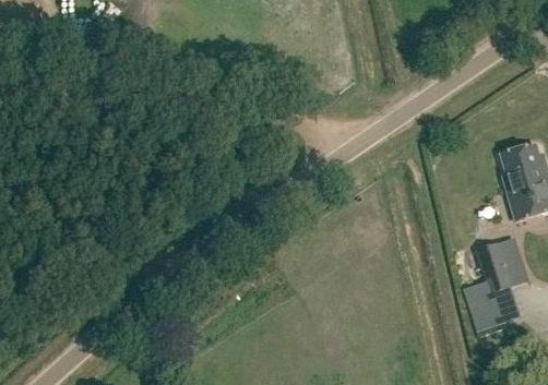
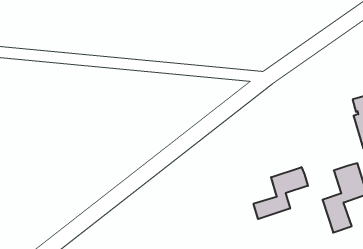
building: none -> [254,167,308,219]

